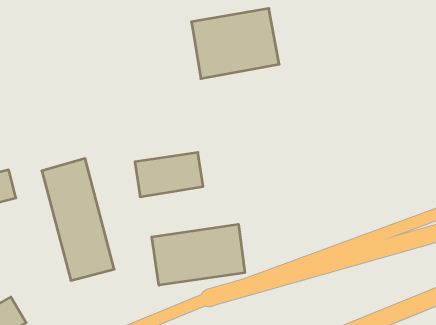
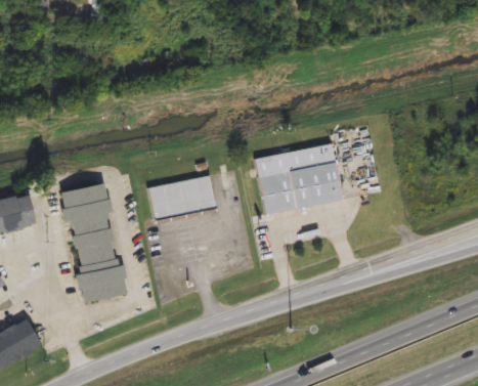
building: [191,8,279,79] -> [255,144,342,214]
building: [152,224,245,285] -> none

